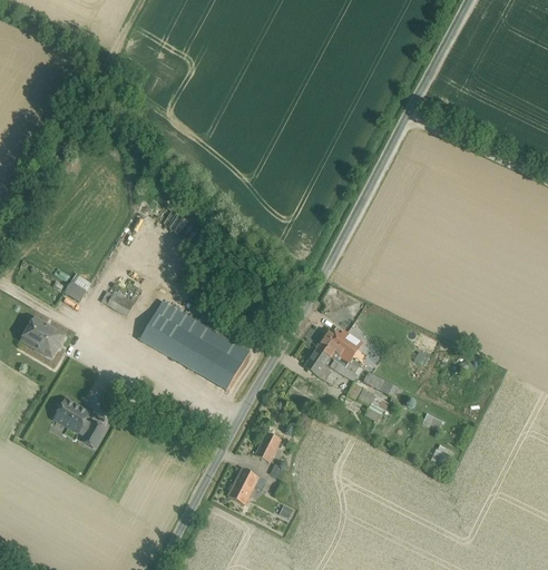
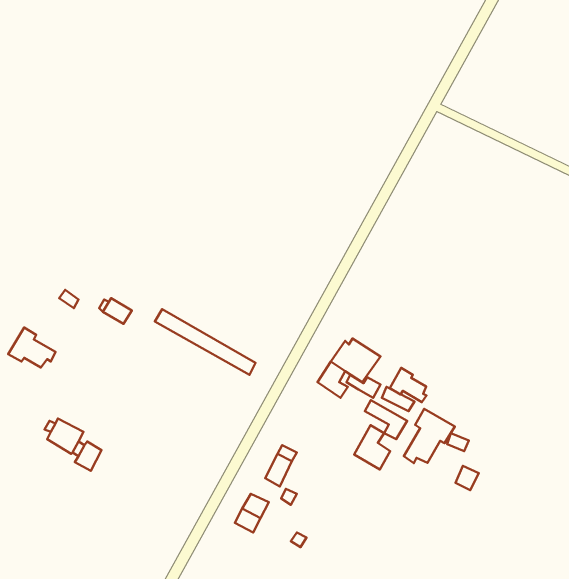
building: [139,312,242,387] -> none
building: none -> [390,368,427,402]
building: none -> [404,409,455,463]
building: none -> [354,425,390,469]

